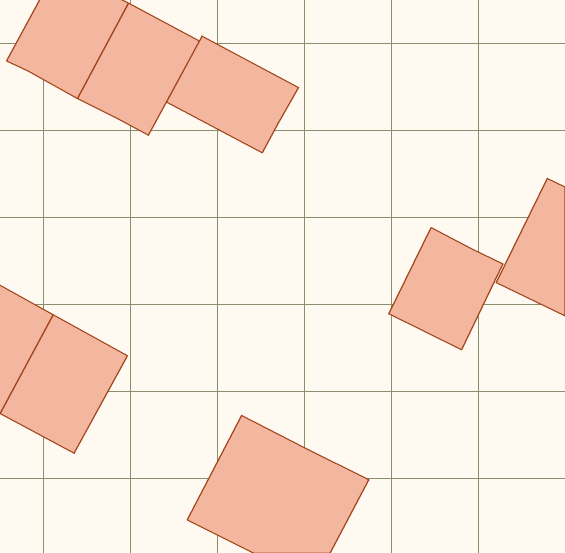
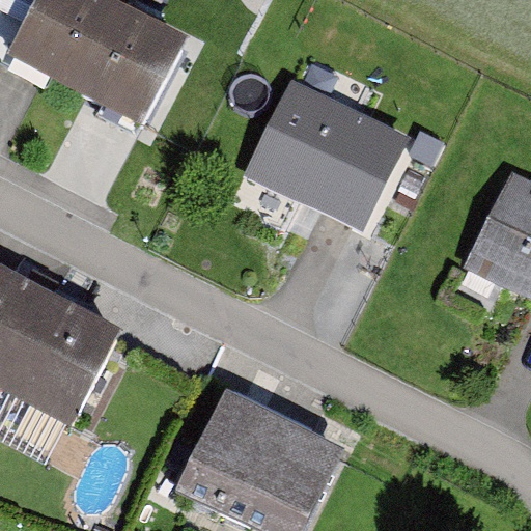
building: [166,36,299,153] -> none
building: none -> [249,79,406,227]
building: [389,228,503,350] -> none

